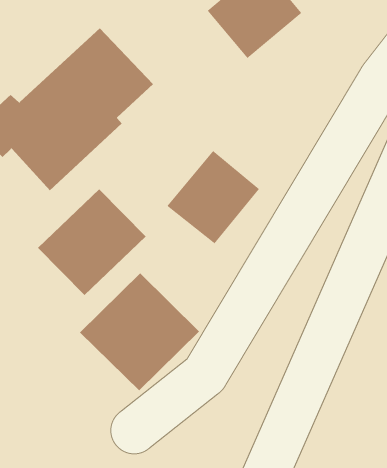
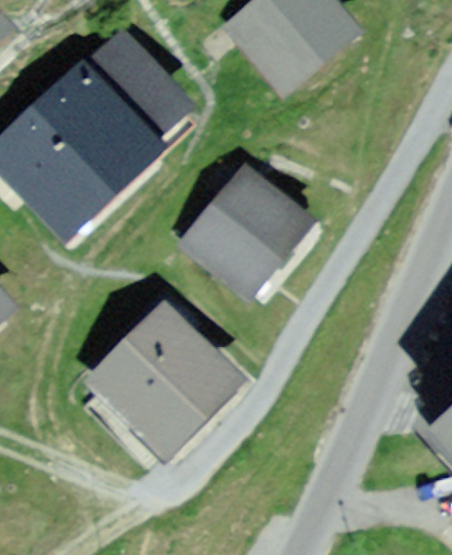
building: [37,189,146,296] -> none

